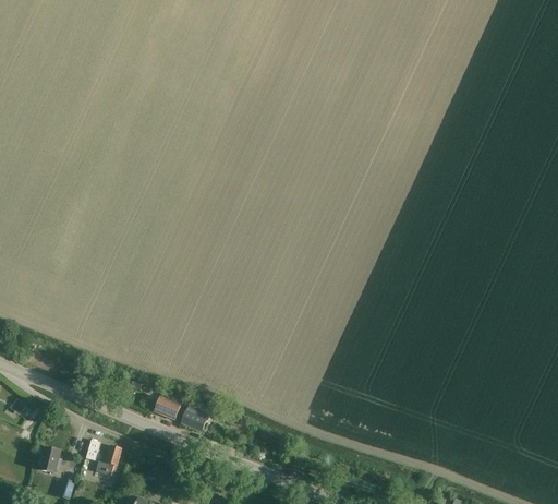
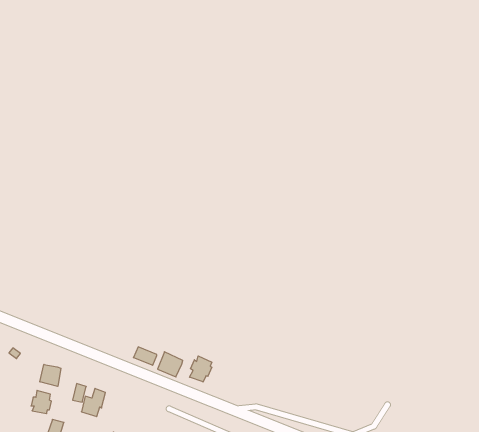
building: none -> [190,356,212,382]
building: none -> [40,364,61,386]

